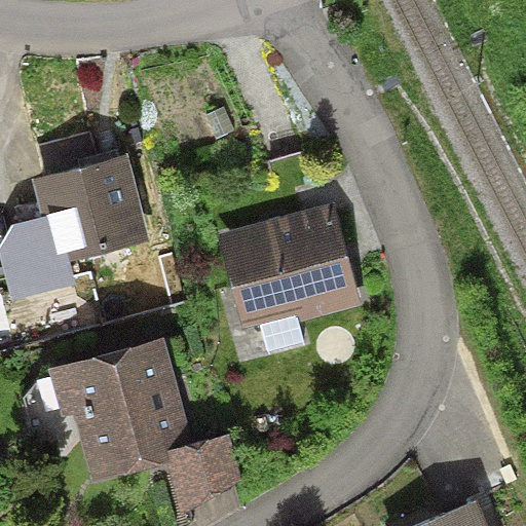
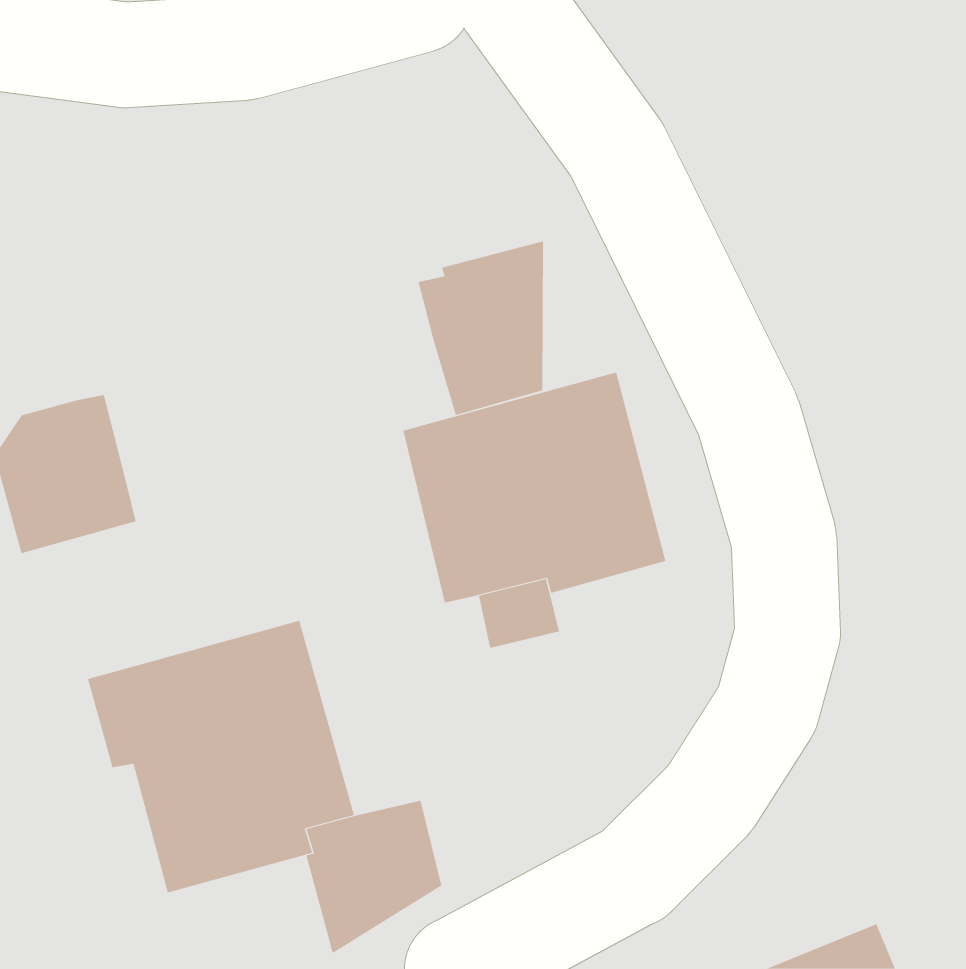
building: none -> [418,241,543,416]
building: [30,154,148,262] -> none

